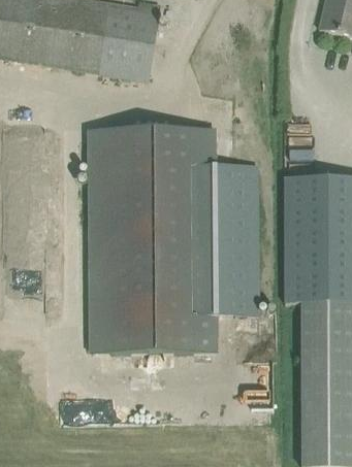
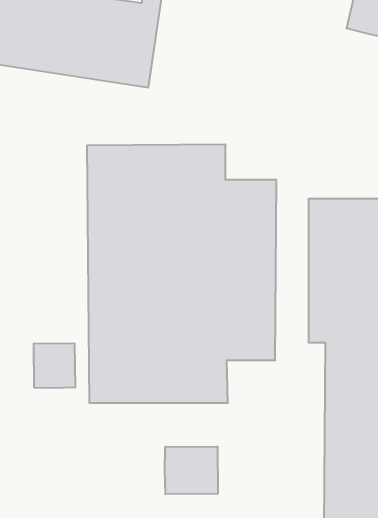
building: none -> [34,343,75,388]
building: none -> [165,446,218,494]

